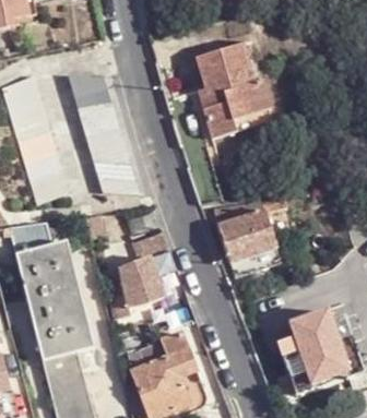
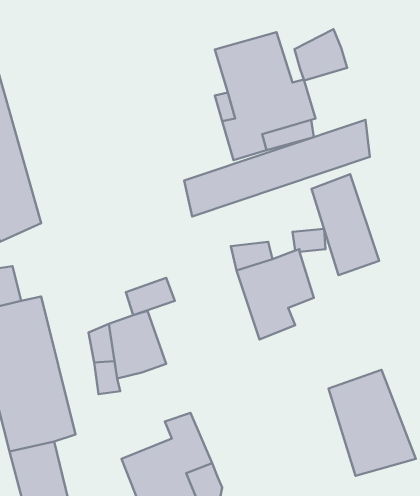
building: none -> [294,29,347,81]
building: [71,75,138,192] -> none
building: none -> [184,120,370,217]
building: none -> [311,174,379,275]

